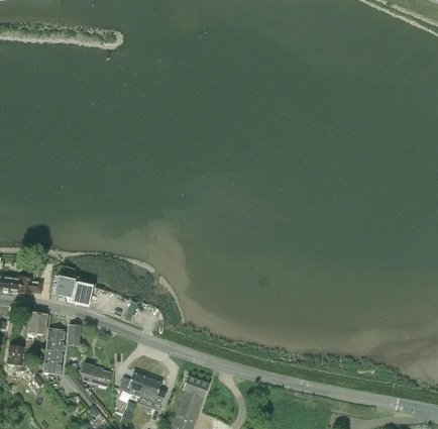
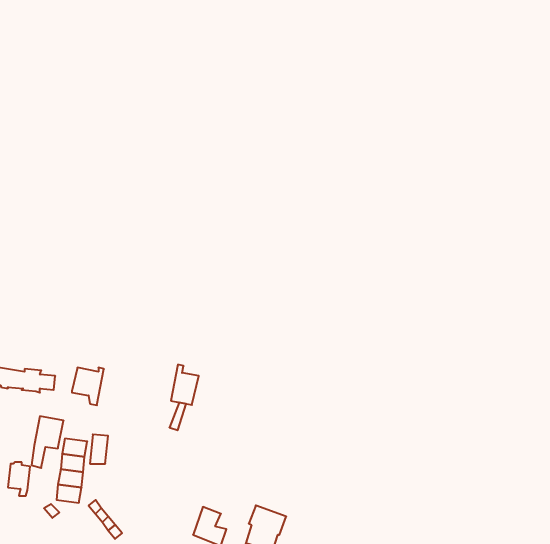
building: [73,277,93,306] -> [171,365,199,405]
building: [82,362,111,386] -> none
building: [119,371,149,397] -> none

